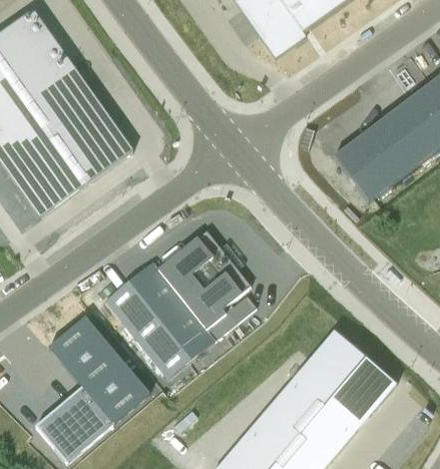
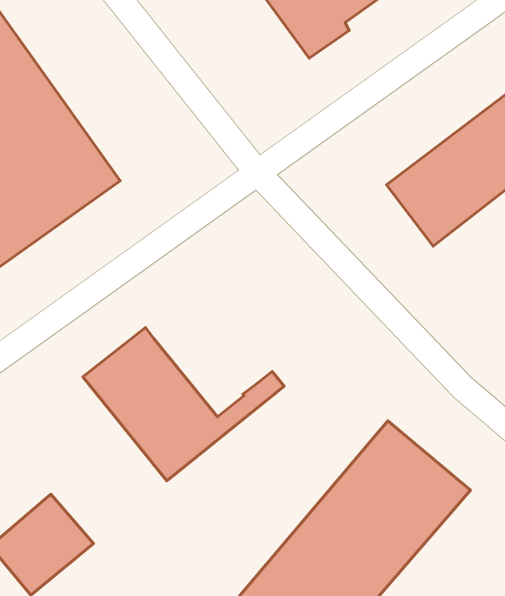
building: [158,230,251,329] -> none
building: [48,316,149,424] -> none

